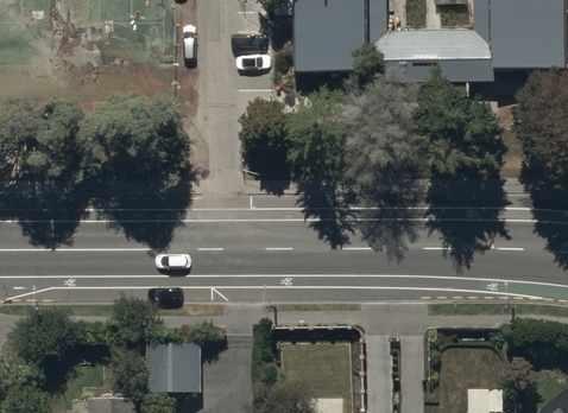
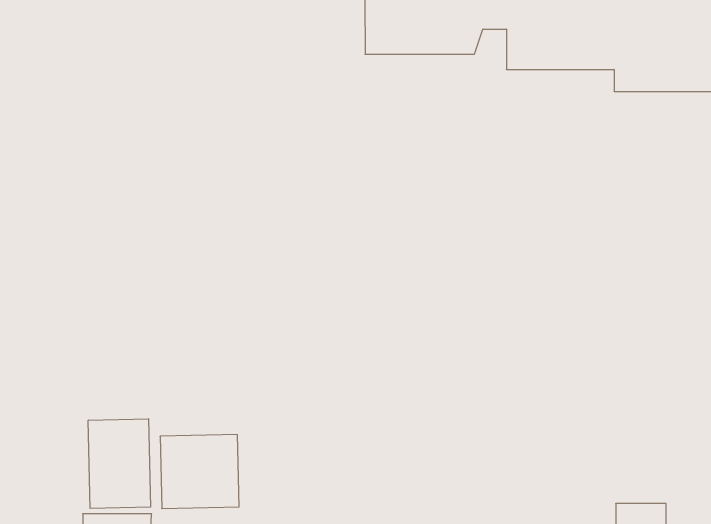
building: none -> [88,419,150,508]

